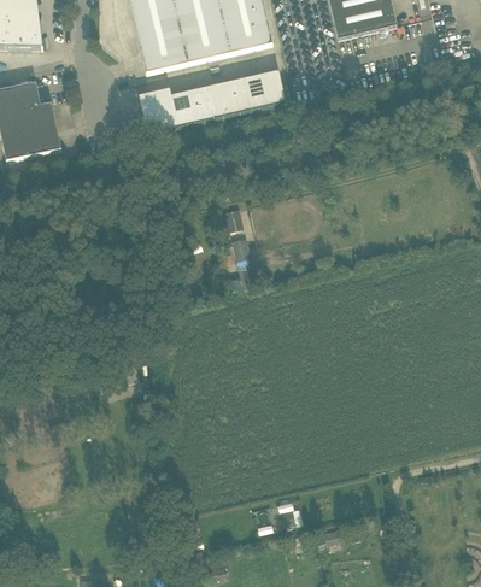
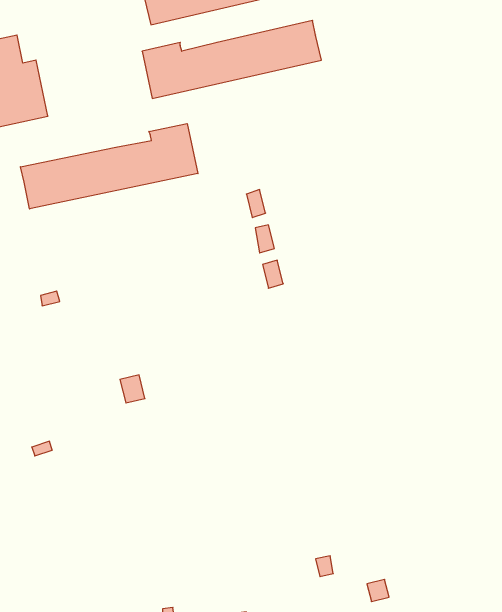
building: none -> [20,124,198,209]

